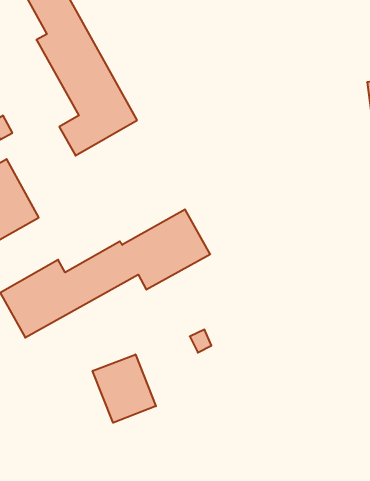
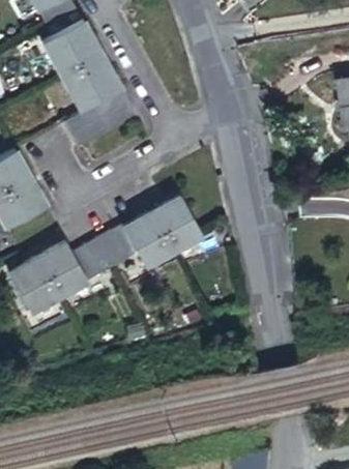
building: [93,354,156,423] -> none

